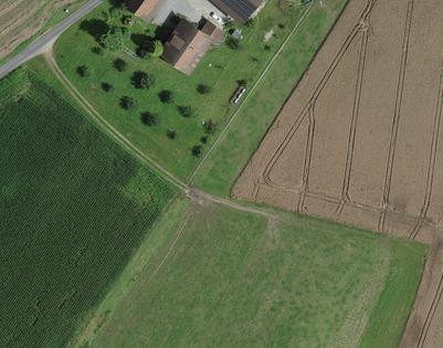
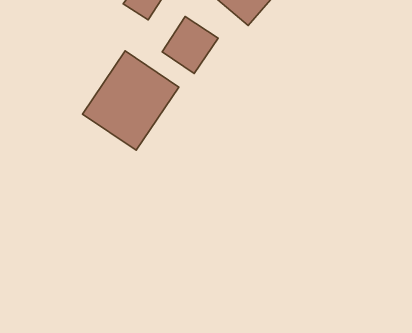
building: none -> [82,51,179,150]

